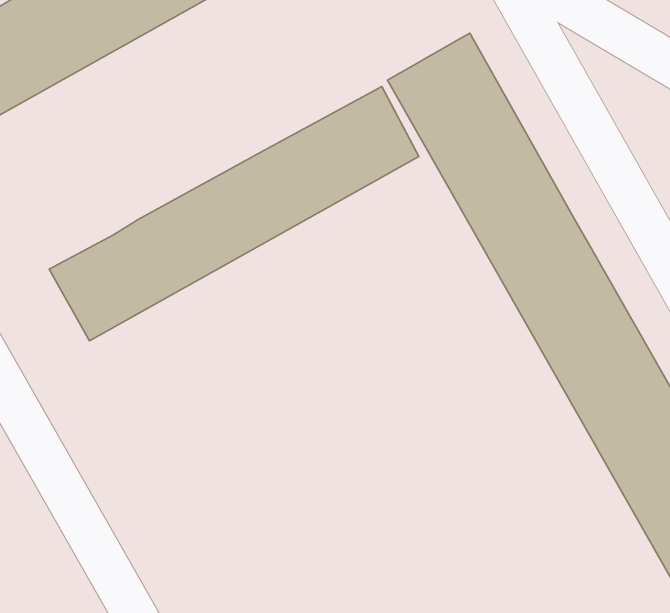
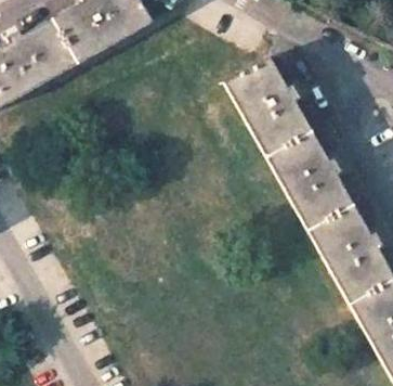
building: [49,86,419,341] -> none

